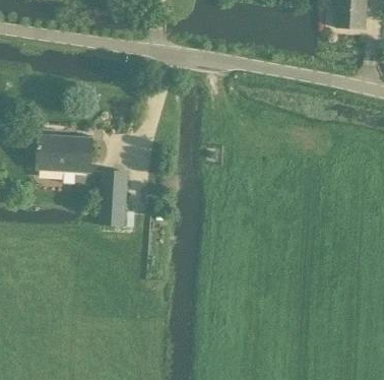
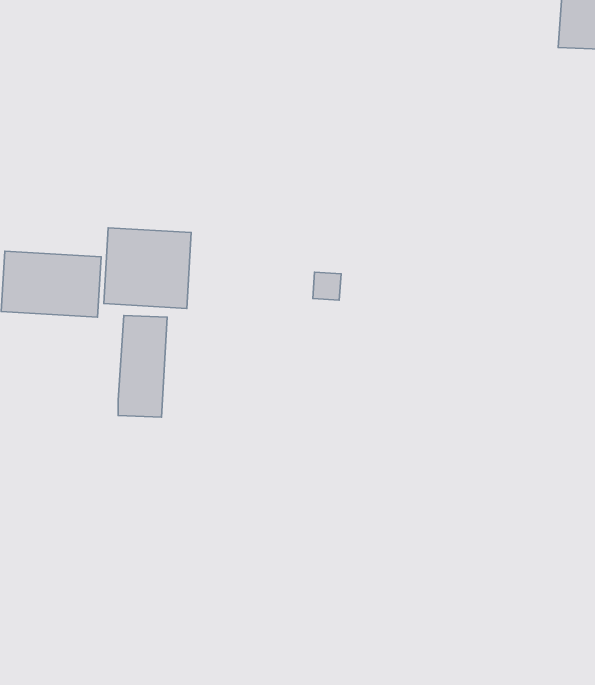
building: none -> [104,228,191,308]

